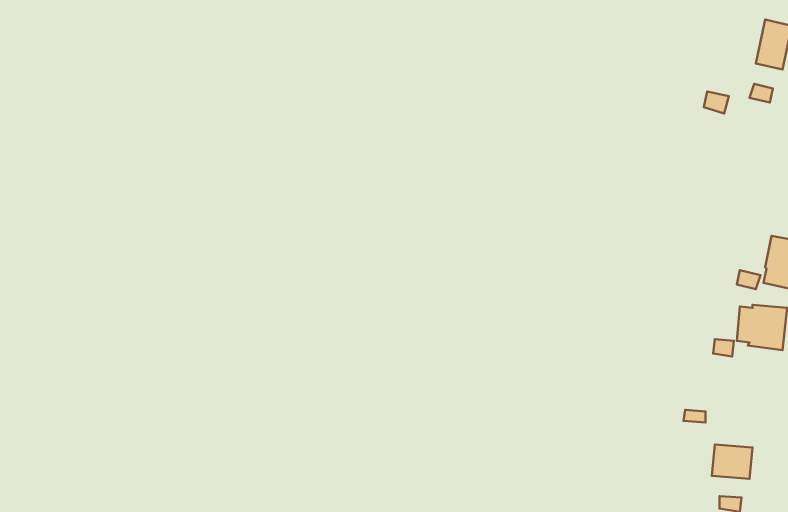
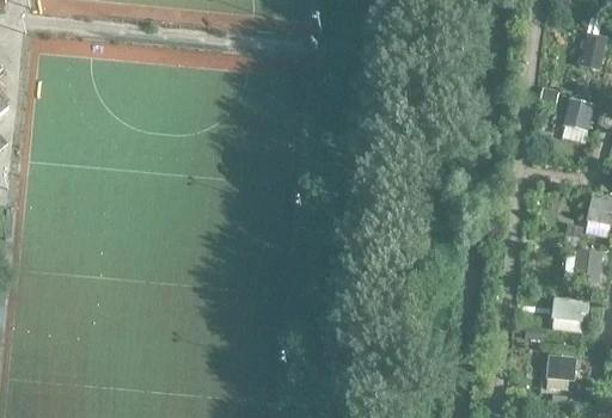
building: none -> [562,97,594,142]
building: none -> [552,297,589,332]

